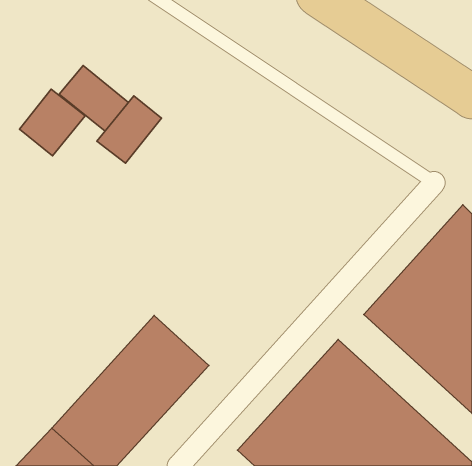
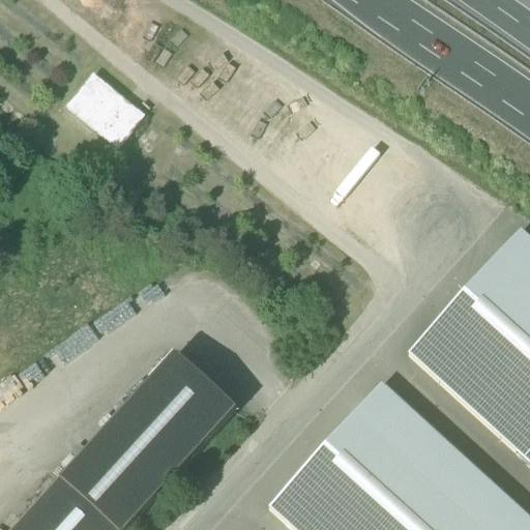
building: [20,89,85,156] -> none
building: [97,96,162,163] -> none

